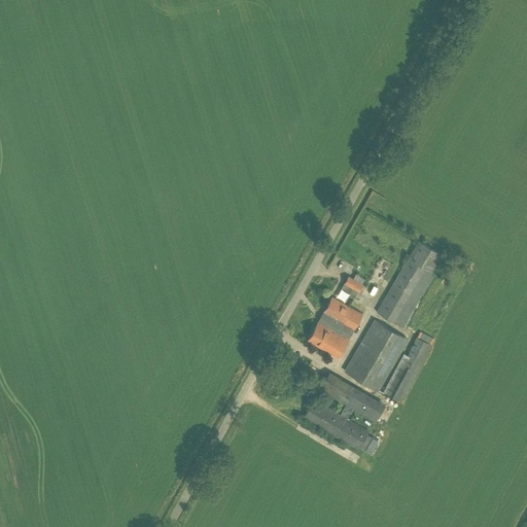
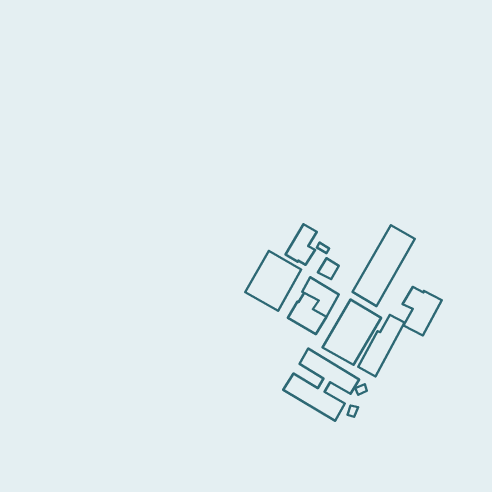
building: none -> [285,224,317,265]
building: none -> [245,251,301,311]
building: none -> [403,287,442,336]

